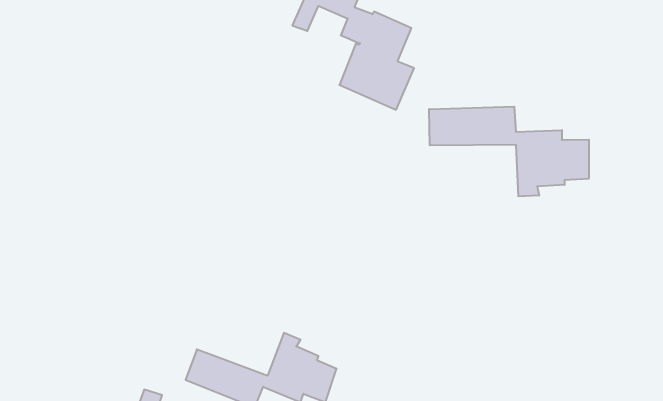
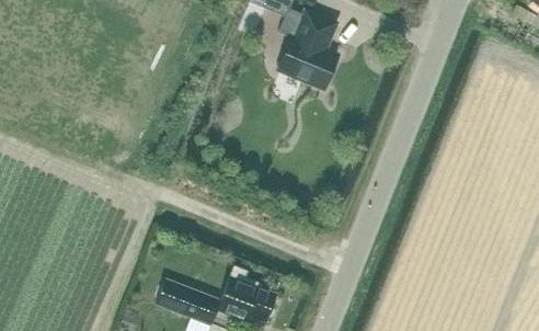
building: [429,107,589,196] -> none

